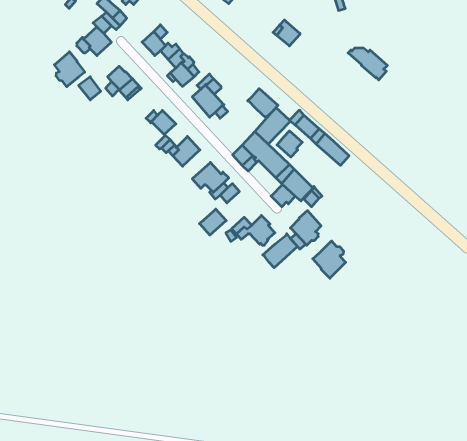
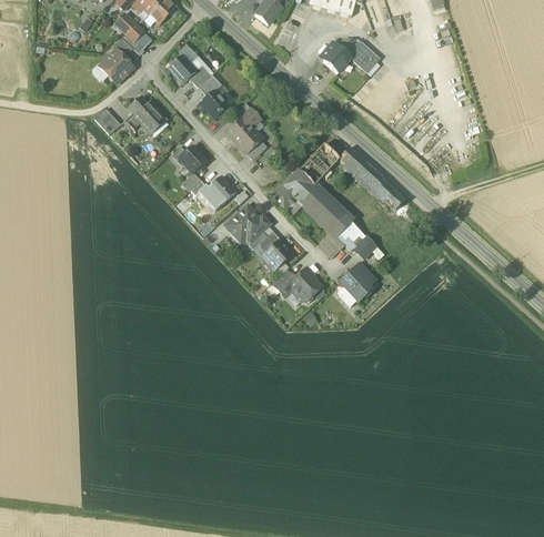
building: [348,48,387,80] -> [334,38,380,74]
building: [54,52,85,87] -> none
building: [248,89,278,118] -> none
building: [277,131,302,157] -> none
building: [199,209,226,235] -> [261,239,292,268]
building: [263,234,297,268] -> none
building: [313,241,346,278] -> none

